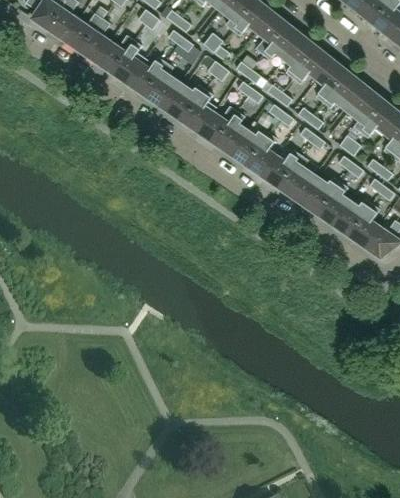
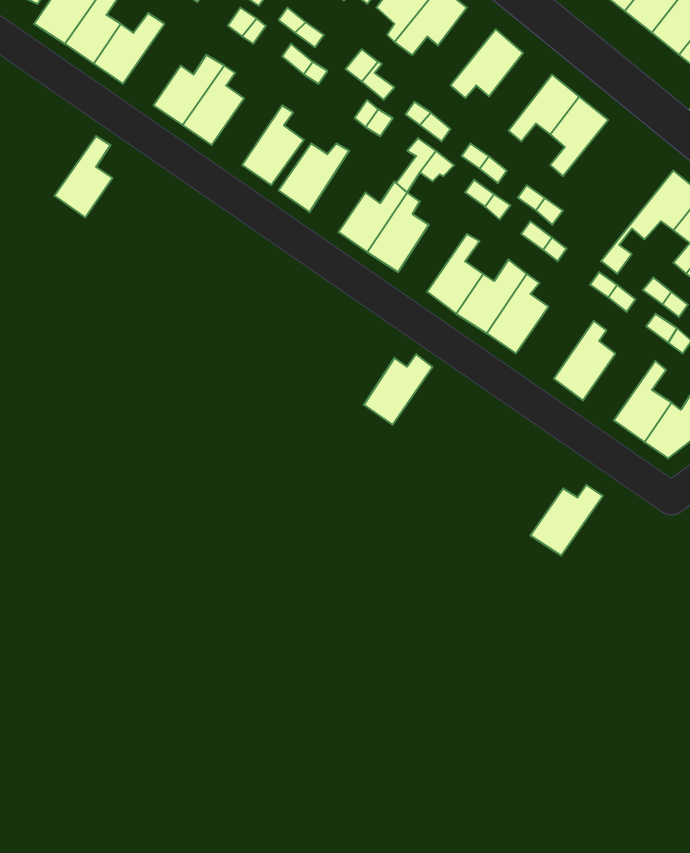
building: [254,10,286,53] -> none
building: [80,19,112,64] -> [54,136,112,218]
building: [282,35,317,78] -> none
building: [129,57,168,97] -> none
building: [323,72,364,109] -> none
building: [339,87,384,150] -> none
building: [183,89,216,134] -> none
building: [232,128,270,167] -> [364,354,433,425]
building: [301,178,340,215] -> none
building: [334,199,374,238] -> [530,485,603,555]

